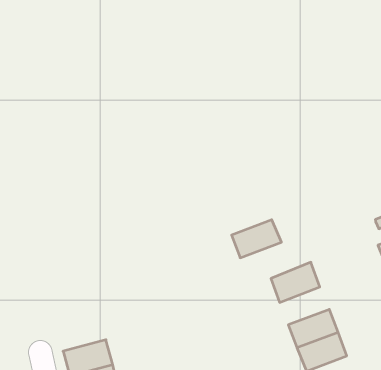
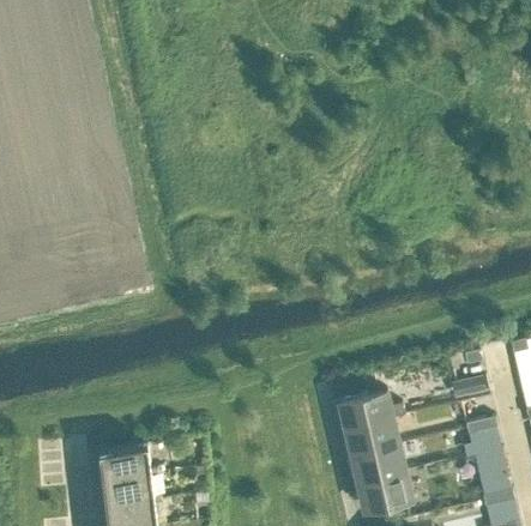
building: [232,220,281,258] -> [345,419,399,457]

